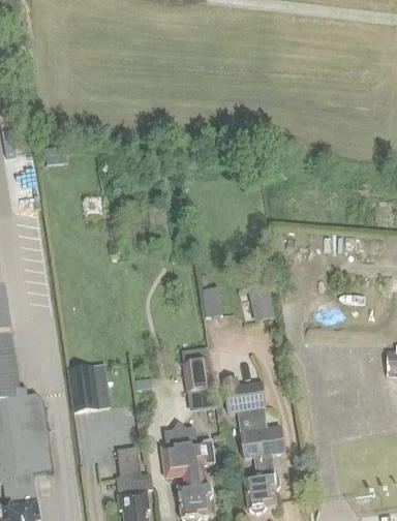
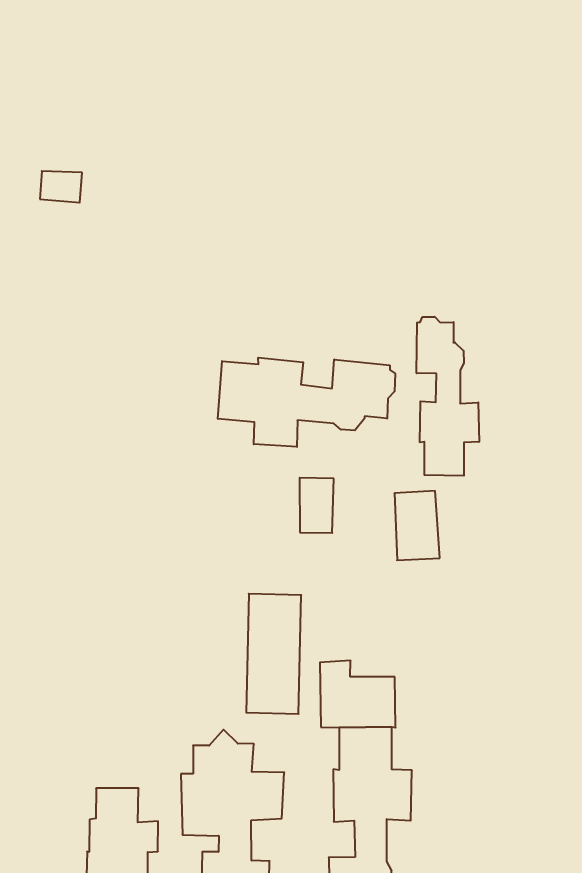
building: none -> [417,317,479,476]
building: none -> [218,358,395,447]
building: [68,366,98,410] -> none

